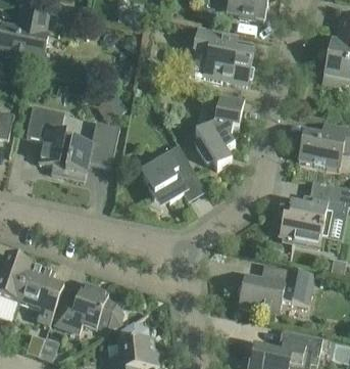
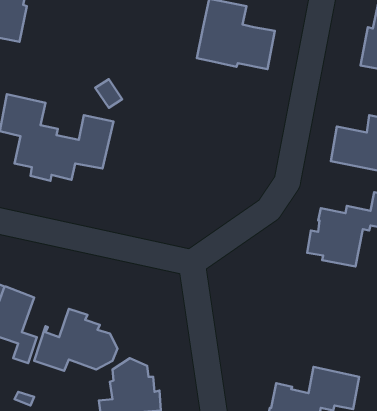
building: [194,93,244,168] -> none
building: [139,147,194,201] -> none
building: [238,265,313,313] -> none

